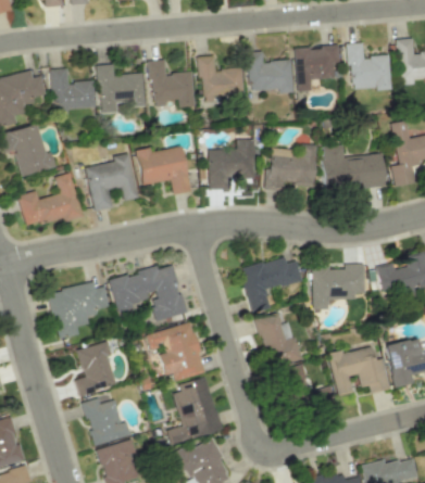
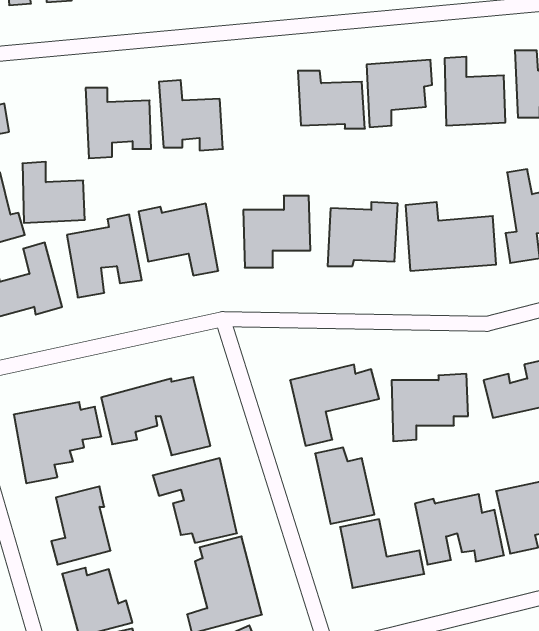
building: [198,56,243,102] -> none
building: [52,68,96,111] -> [22,162,85,223]

